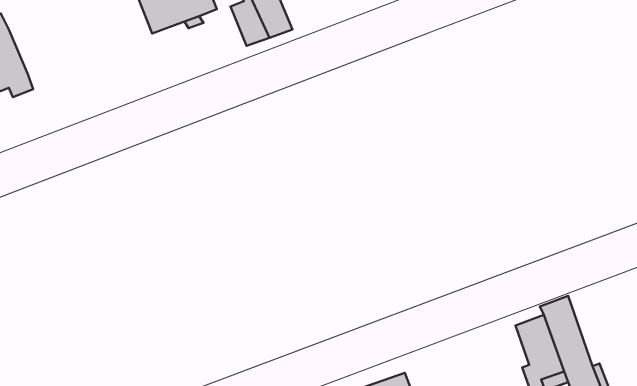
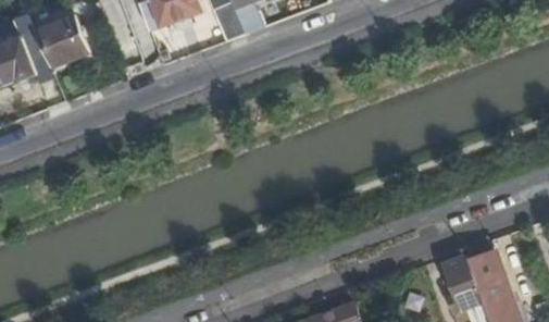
building: none -> [35,13,87,63]

